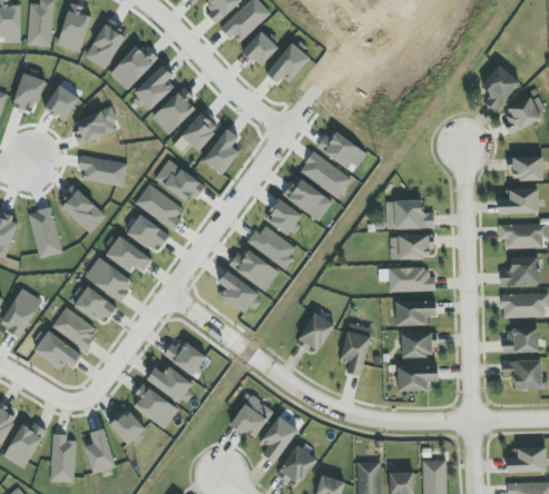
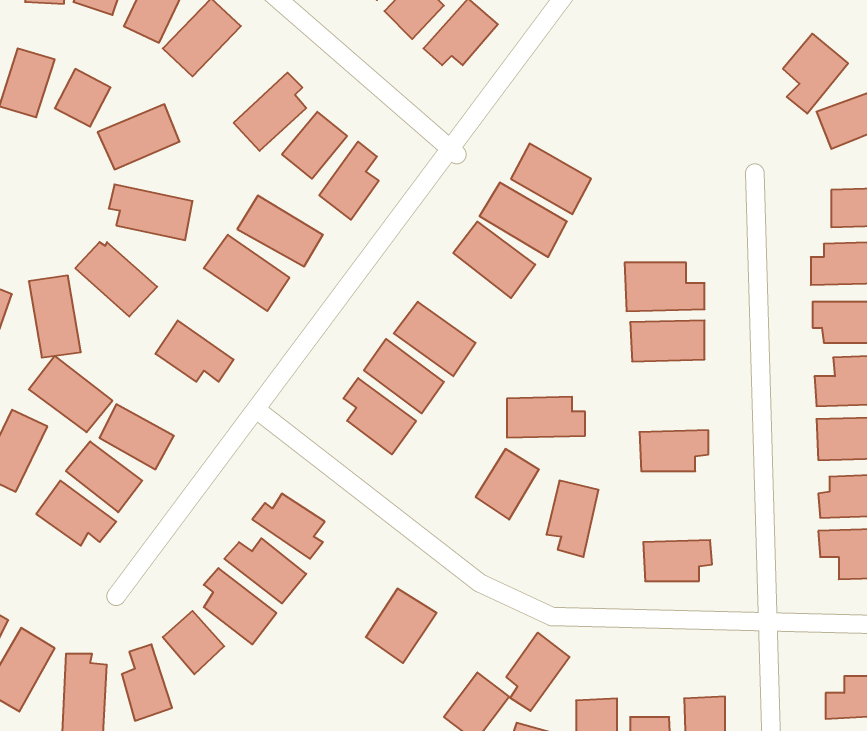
building: [131,65,174,111] -> none
building: [265,199,303,235] -> none
building: [126,215,169,253] -> none
building: [84,256,134,302] -> [29,356,112,432]
building: [388,267,434,292] -> [507,397,585,438]
building: [401,333,435,357] -> none
building: [259,415,297,462] -> [506,633,570,711]

